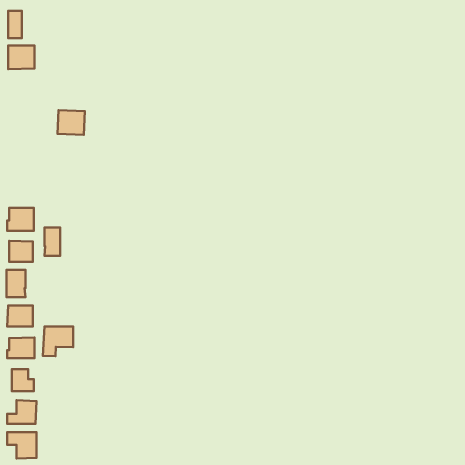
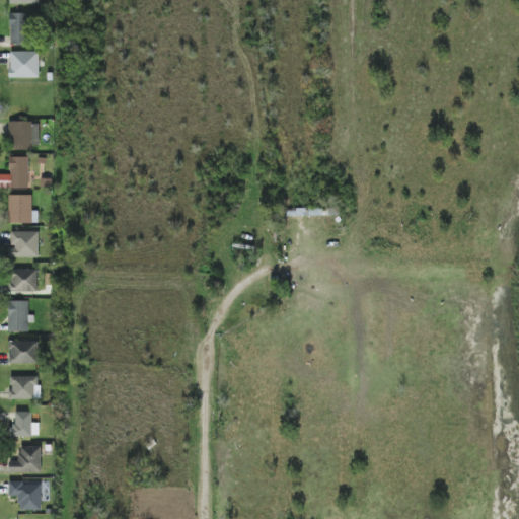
building: [58,110,85,135] -> [8,121,39,148]
building: none -> [9,155,28,188]
building: none -> [8,194,36,222]
building: [44,227,60,256] -> none
building: [43,326,73,356] -> none

